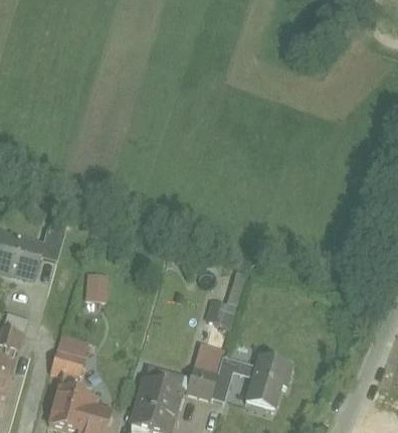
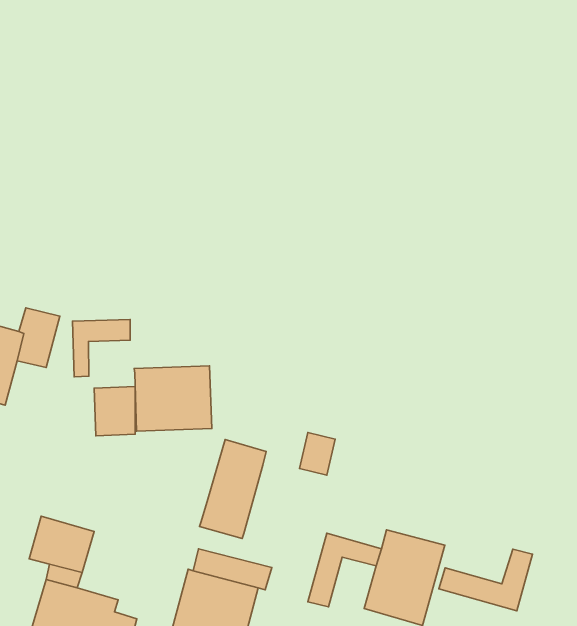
building: none -> [72,320,130,377]
building: none -> [134,366,212,431]
building: [186,342,225,401] -> [199,439,266,539]
building: none -> [439,549,532,611]

